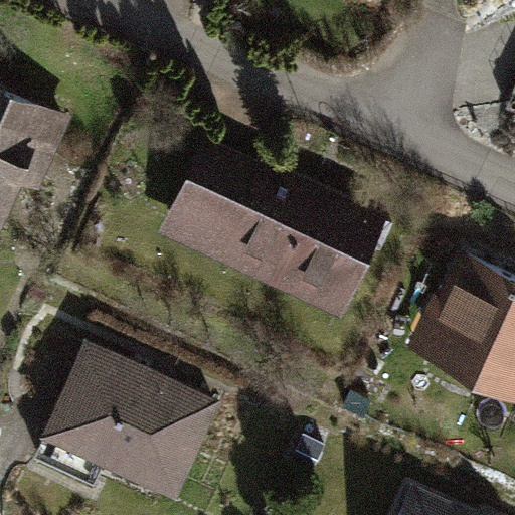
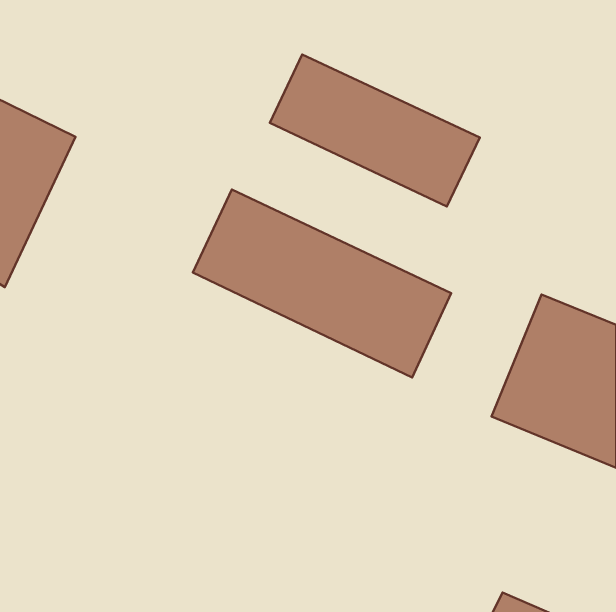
building: none -> [270,55,480,206]
building: [41,341,223,497] -> none

